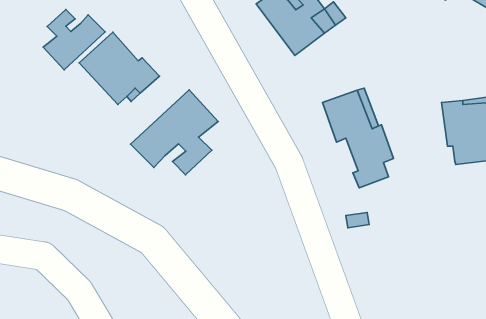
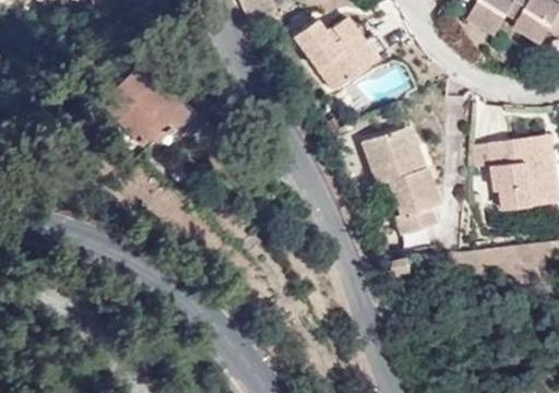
building: [43,9,105,70] -> none
building: [131,90,218,175] -> none

